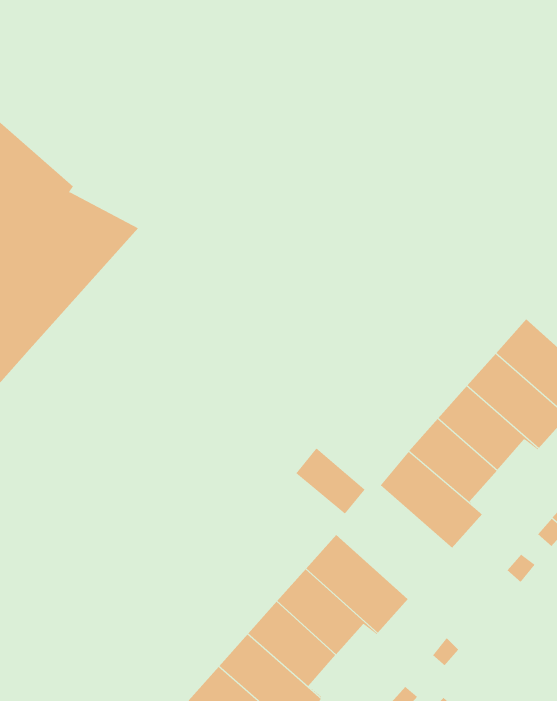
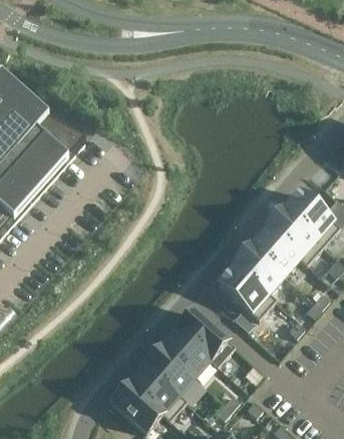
building: [296,448,377,514] -> none

